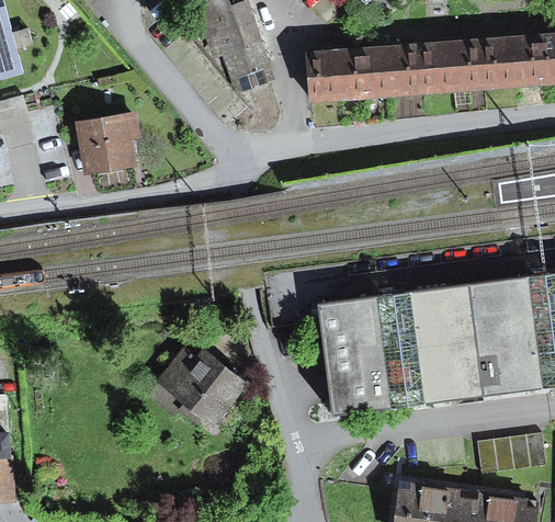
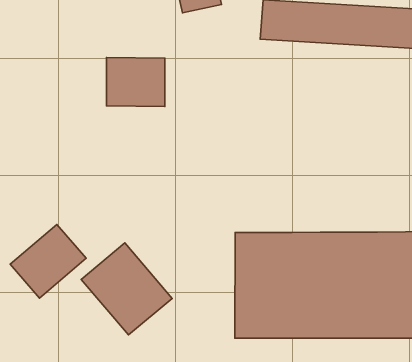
building: [76,116,145,175] -> [106,58,165,106]
building: none -> [10,224,86,298]

